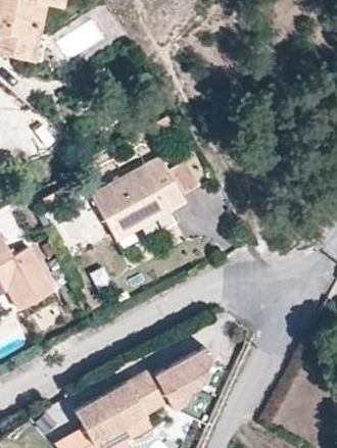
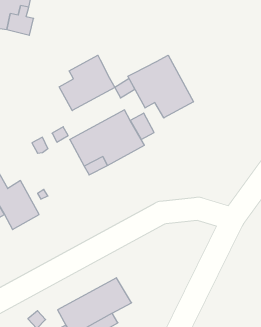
building: none -> [59,55,115,111]
building: none -> [128,55,193,118]
building: [153,347,207,407] -> none

